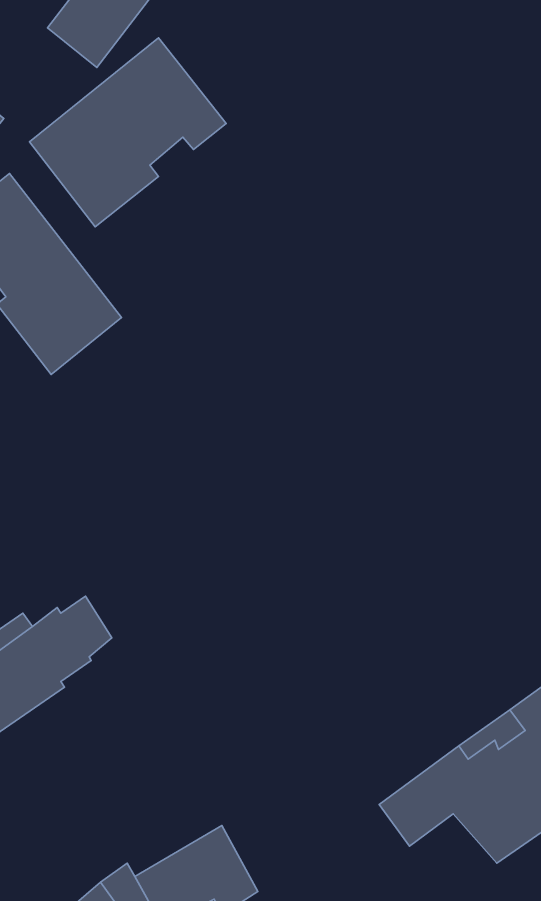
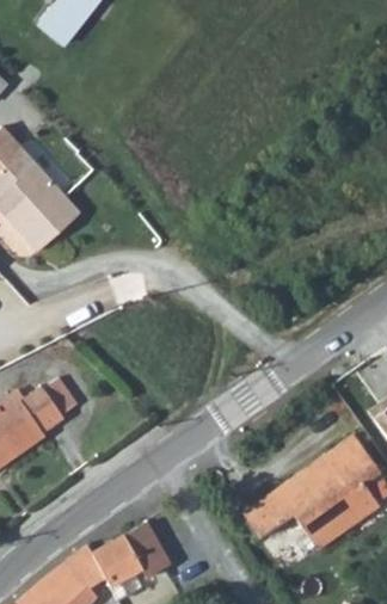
building: [30,38,226,227] -> none

